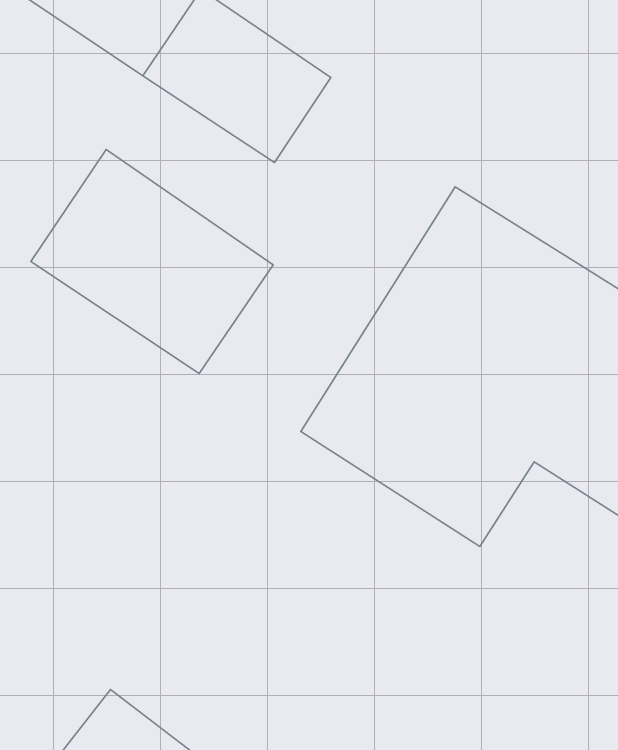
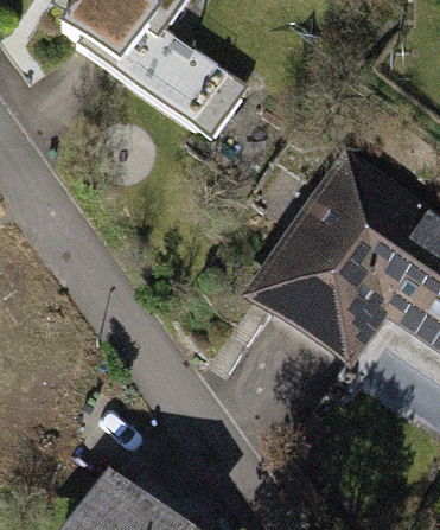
building: [31,149,273,374] -> none

